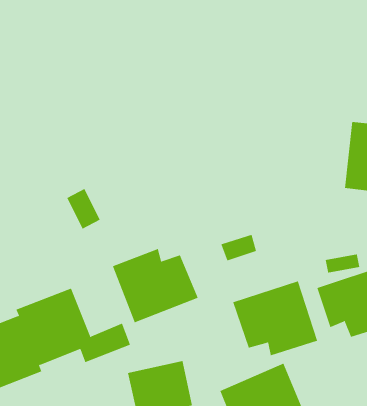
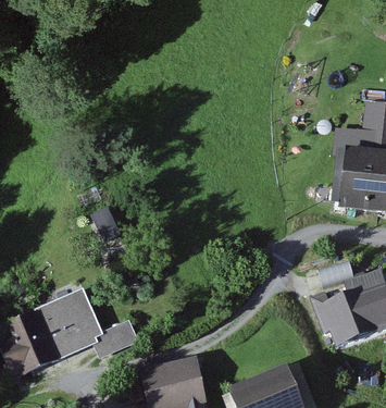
building: [112,248,198,323] -> none
building: [232,280,318,356] -> none

